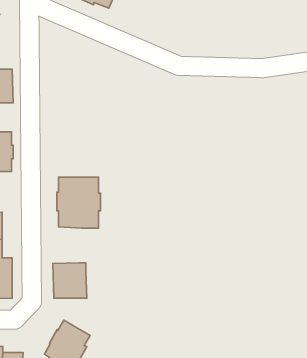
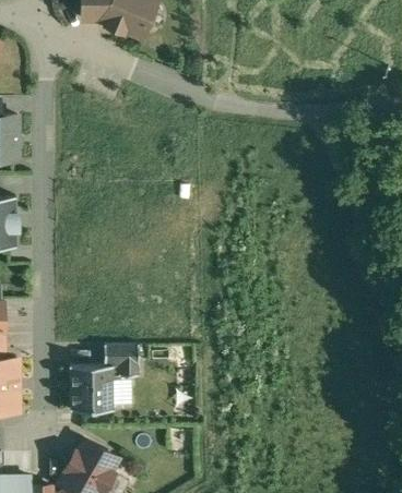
building: [57,177,101,228] -> none
building: none -> [104,344,139,375]

